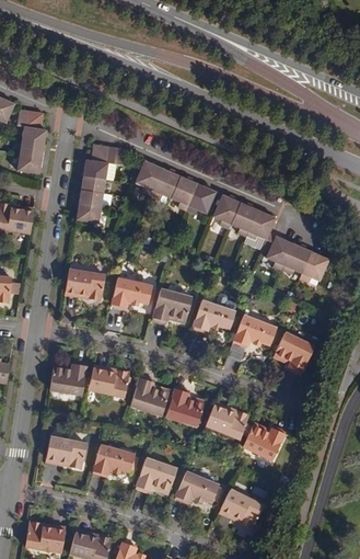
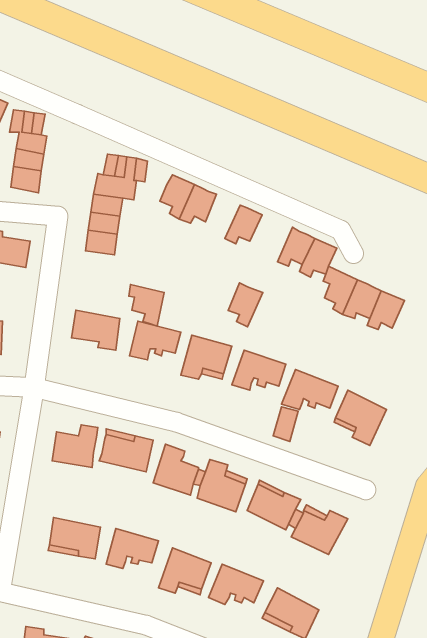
building: [172,175,199,210] -> none
building: [213,194,241,229] -> [228,283,263,327]
building: none -> [129,285,164,326]

